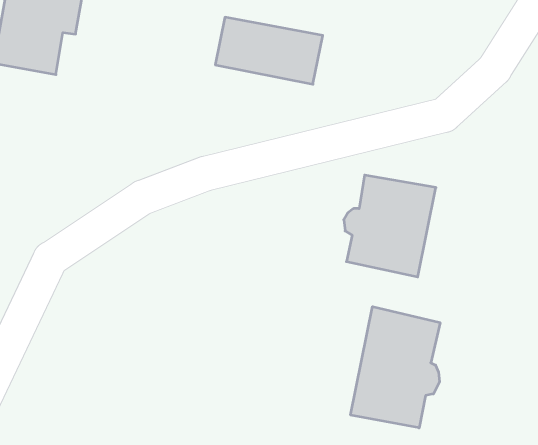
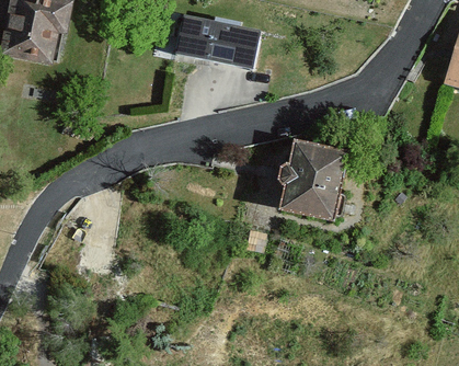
building: [351,307,440,428] -> none

